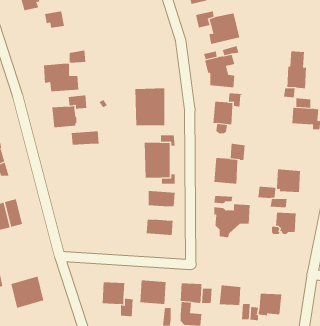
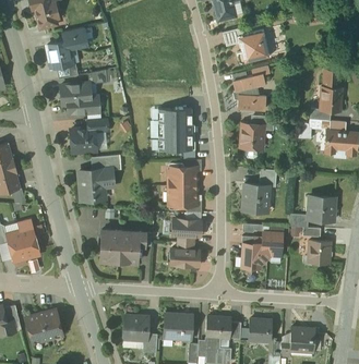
building: none -> [47,41,72,69]
building: none -> [79,170,112,201]
building: none -> [100,231,145,264]

